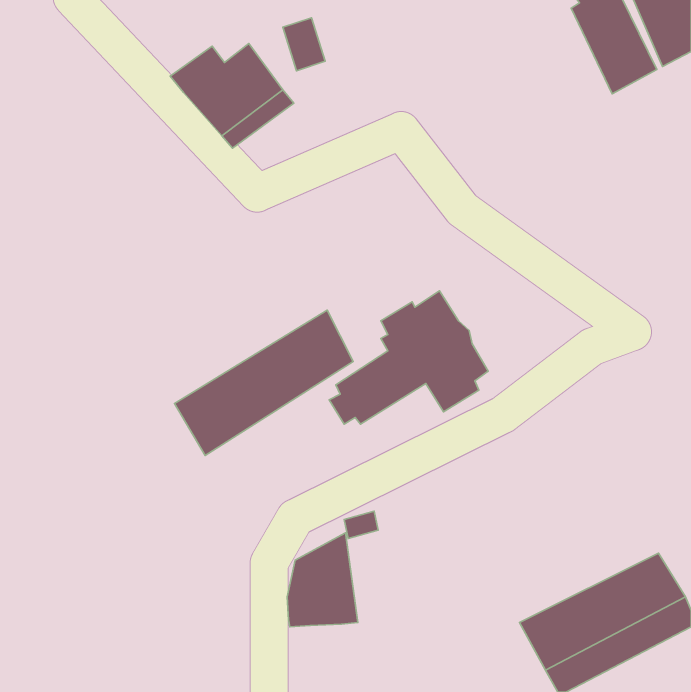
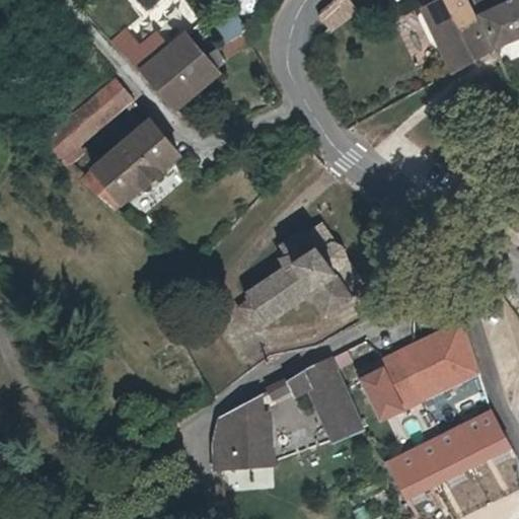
building: none -> [41,75,130,154]
building: none -> [80,120,178,205]
building: [174,310,353,456] -> none
building: none -> [360,325,484,420]
building: none -> [288,358,363,441]

